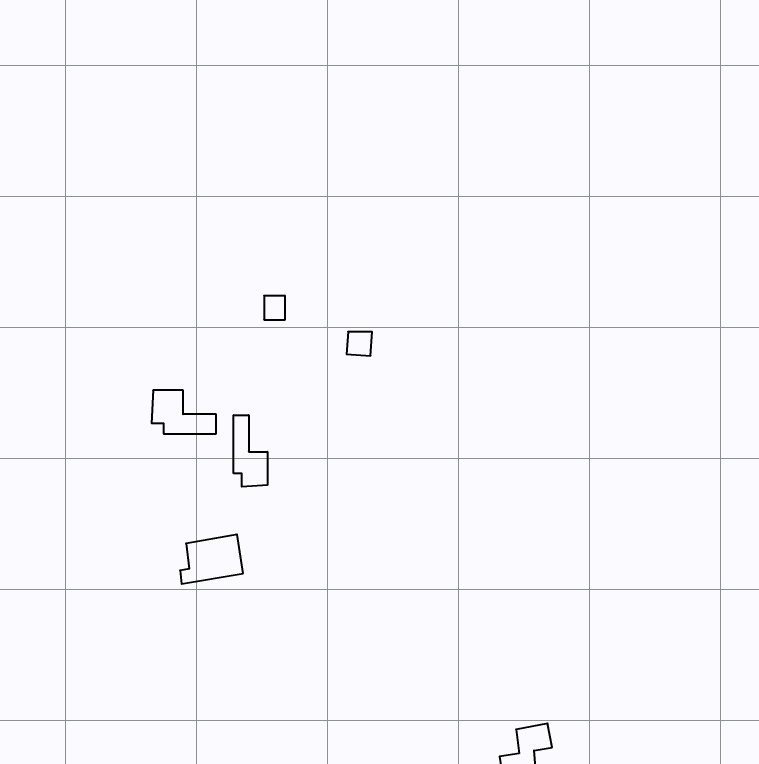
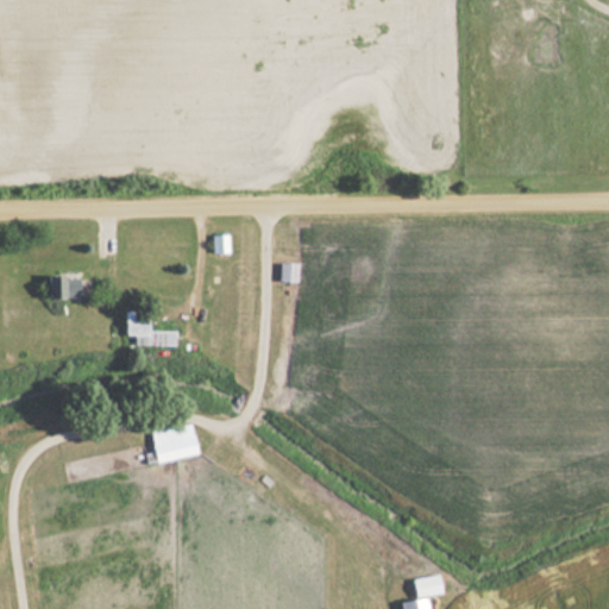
building: none -> [50,275,82,299]
building: [234,415,267,487] -> none

